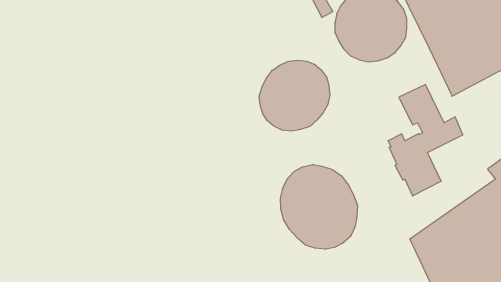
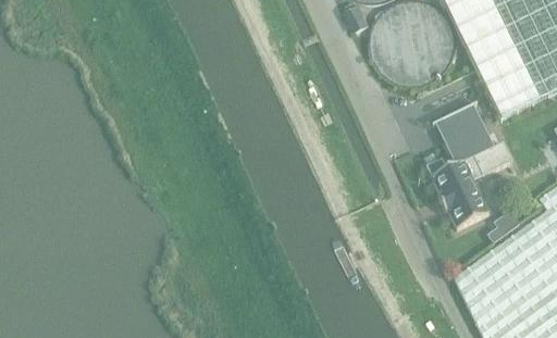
building: [259,60,330,131] -> none
building: [280,164,357,249] -> none

